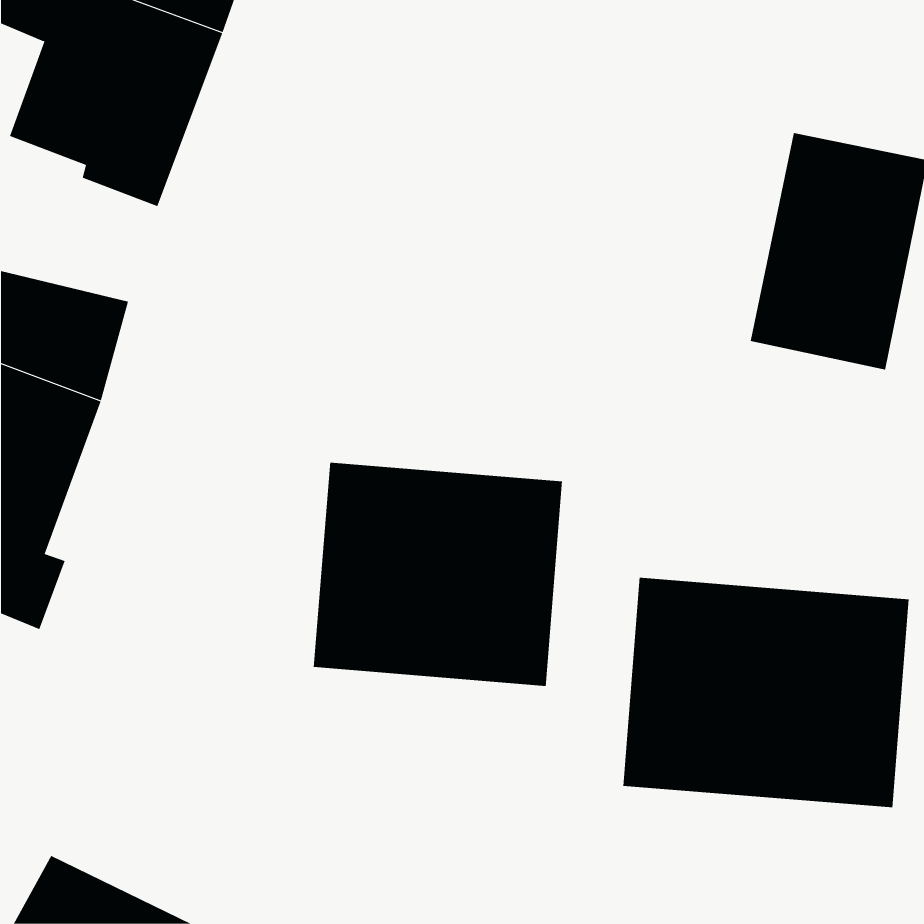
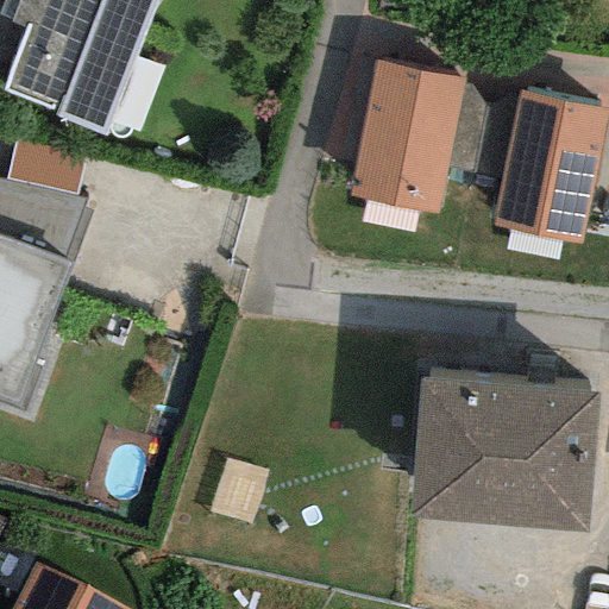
building: none -> [349,59,464,212]
building: [313,462,563,687] -> none

